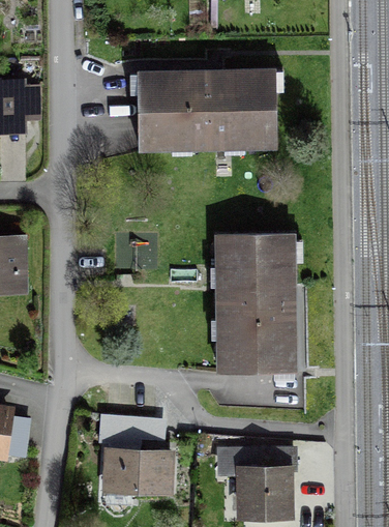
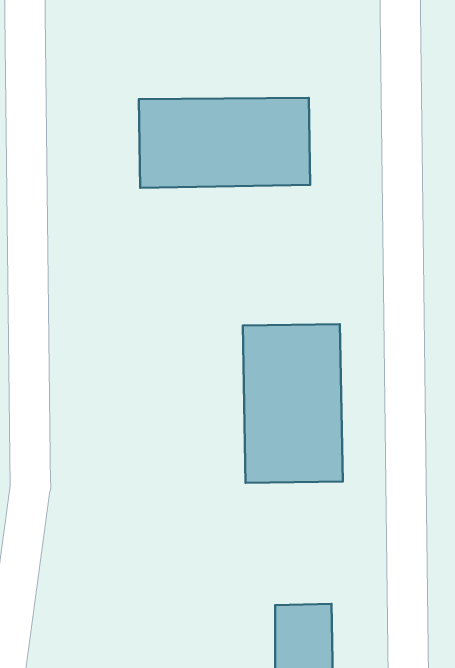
building: [97,414,163,439] -> none
building: [104,452,168,490] -> none

